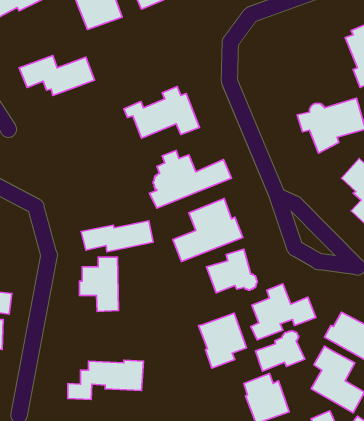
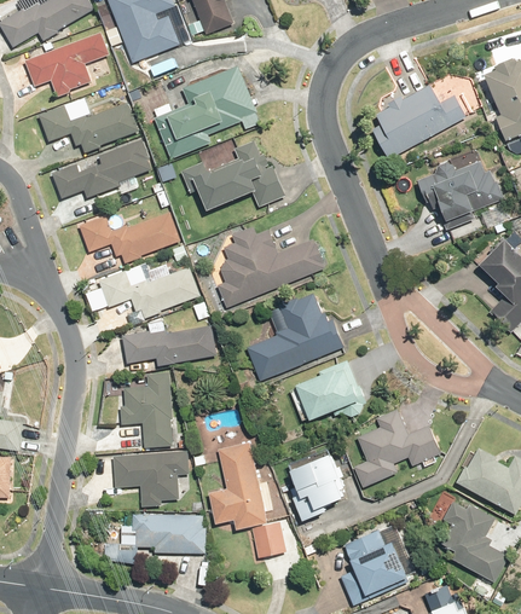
building: none -> [22,33,108,94]
building: none -> [155,68,257,160]
building: none -> [365,85,465,158]
building: none -> [52,140,155,198]
building: none -> [76,213,179,271]
building: none -> [86,266,201,323]
building: none -> [208,442,286,555]
building: none -> [112,450,191,508]
building: [255,331,305,371] -> none

